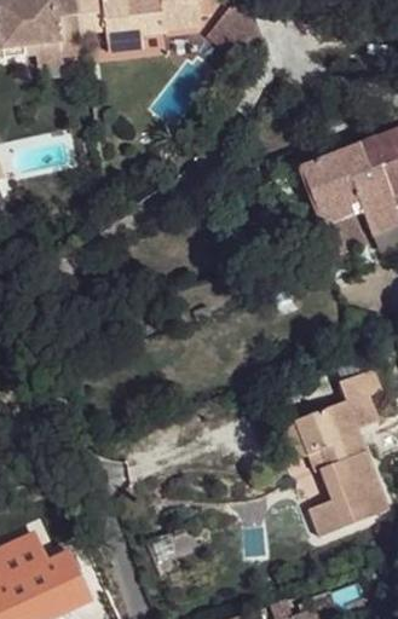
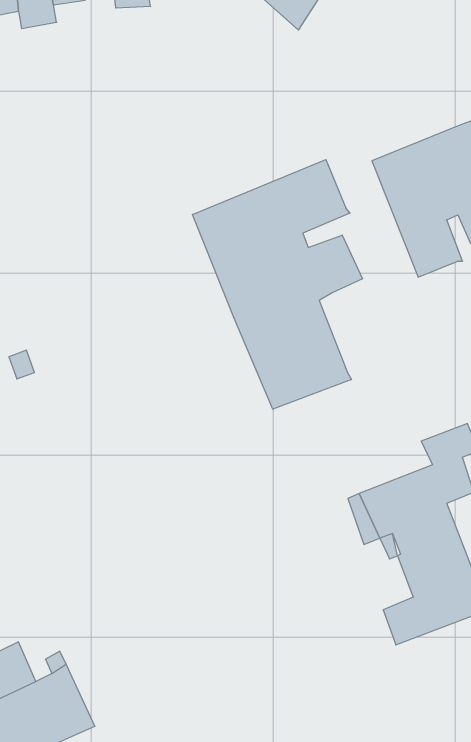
building: none -> [192,160,362,409]

